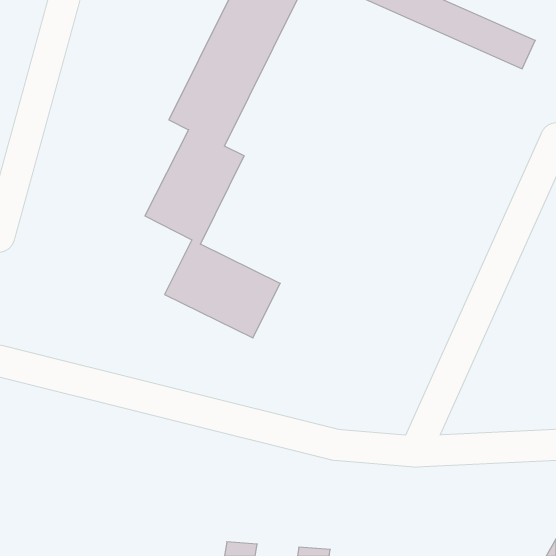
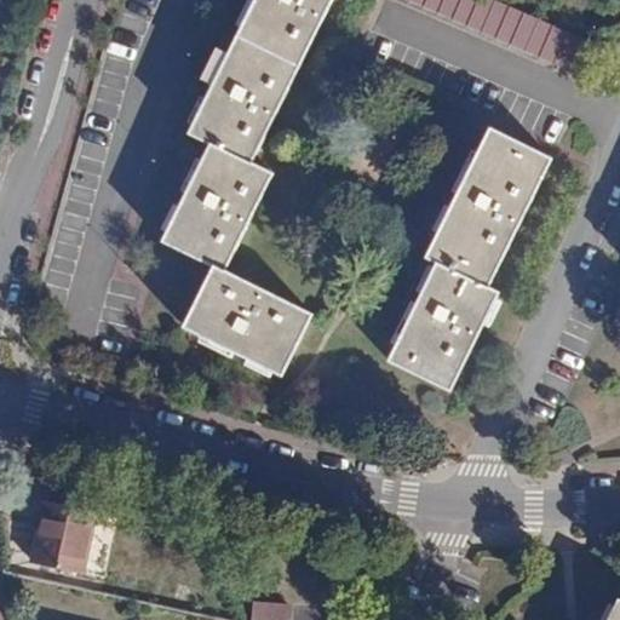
building: none -> [388,127,551,390]
building: none -> [30,501,96,573]

